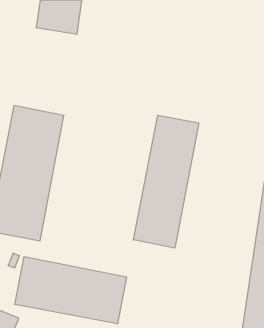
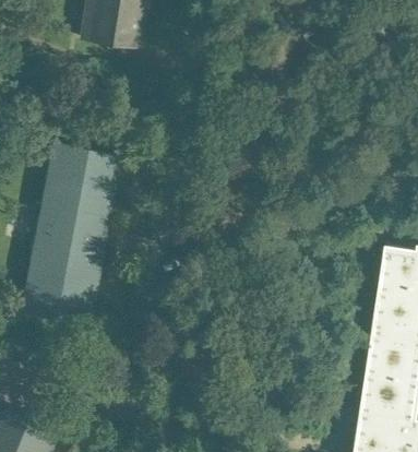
building: [133,115,199,248] -> none
building: [15,257,126,324] -> none

